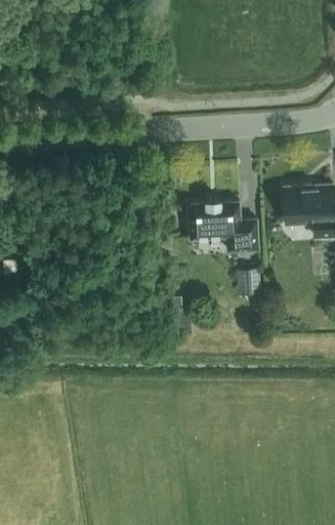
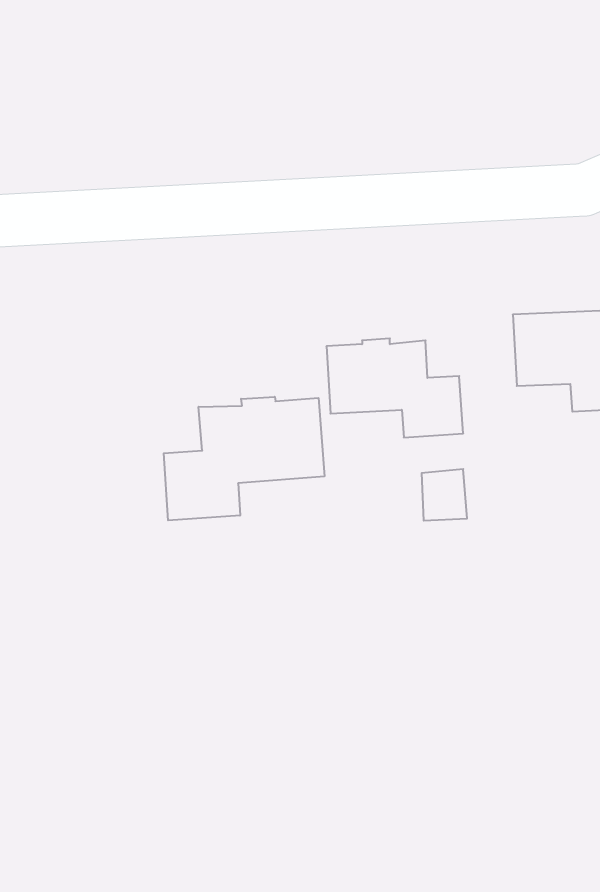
building: none -> [164,397,324,520]

